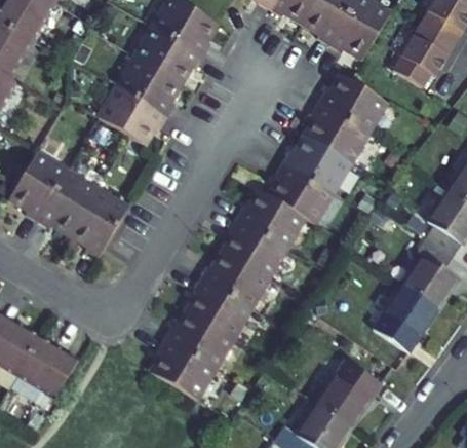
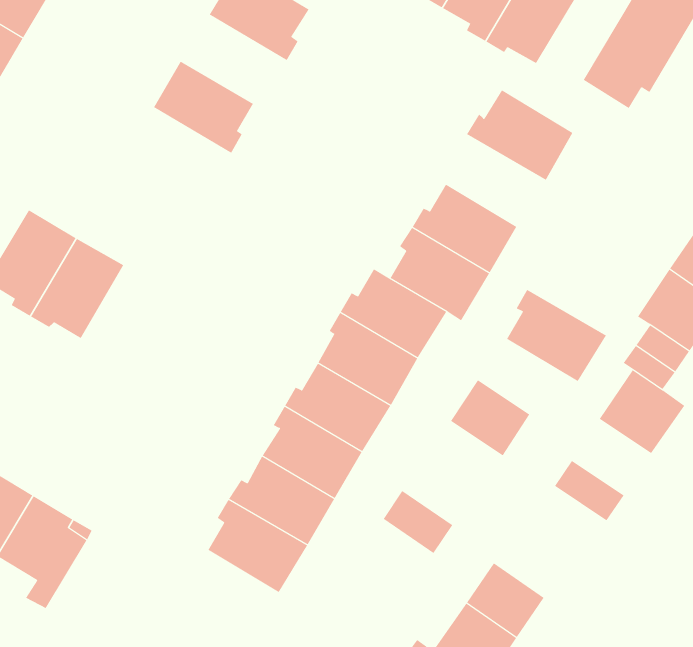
building: [133,26,202,83] -> none
building: [98,85,166,144] -> none
building: [304,103,368,162] -> [506,289,607,382]
building: [70,187,128,256] -> none
building: [385,286,436,335] -> [450,379,530,456]
building: [335,360,380,401] -> [383,490,453,554]

